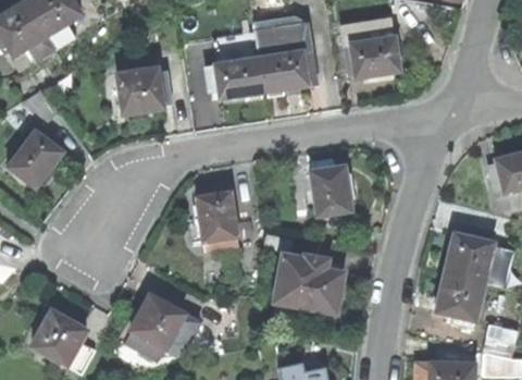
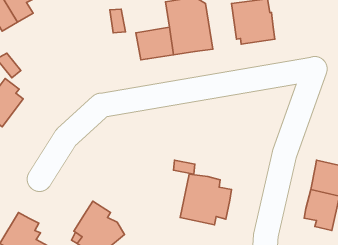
building: [119,68,172,114] -> none
building: [309,157,349,217] -> none
building: [189,188,237,245] -> none

